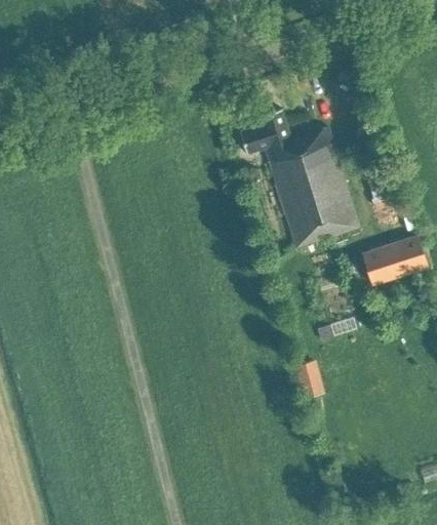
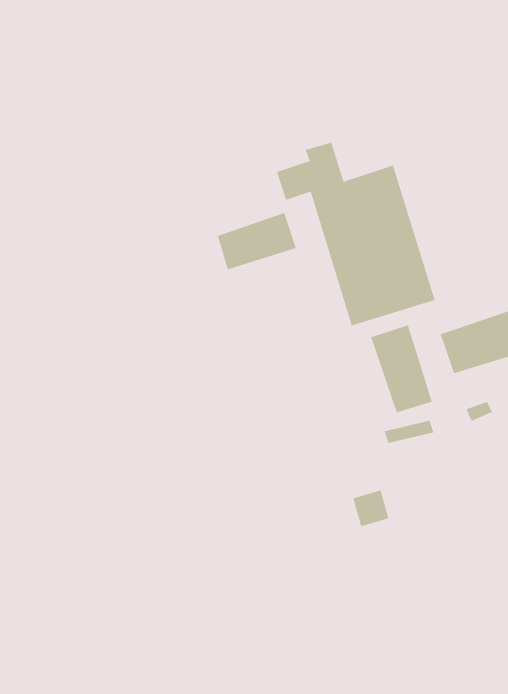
building: none -> [217,212,296,270]
building: none -> [370,324,432,413]

